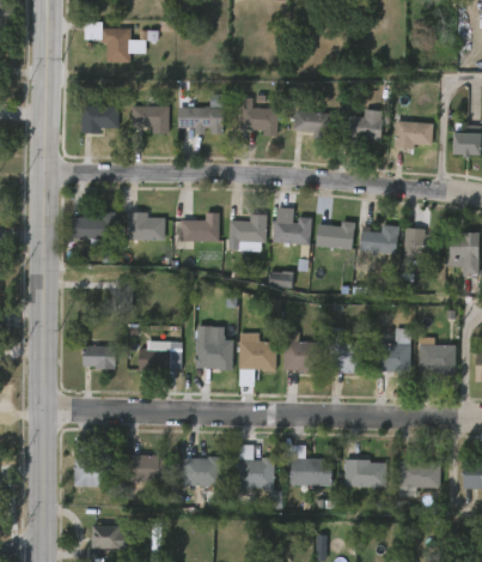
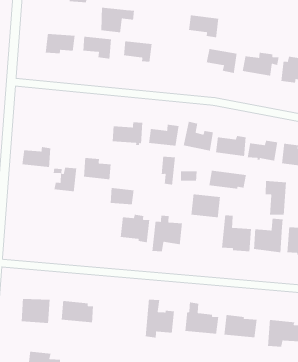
building: none -> [100,7,135,33]
building: [238,108,277,137] -> [188,14,219,38]
building: [75,212,112,240] -> [22,146,51,168]
building: [123,212,159,240] -> [83,157,111,180]
building: none -> [161,156,176,185]
building: none -> [208,170,247,190]
building: none -> [265,180,287,216]
building: [285,342,323,371] -> [190,194,221,218]
building: [84,344,116,369] -> none
building: [140,349,171,370] -> [110,187,134,205]
building: [179,455,219,485] -> none

